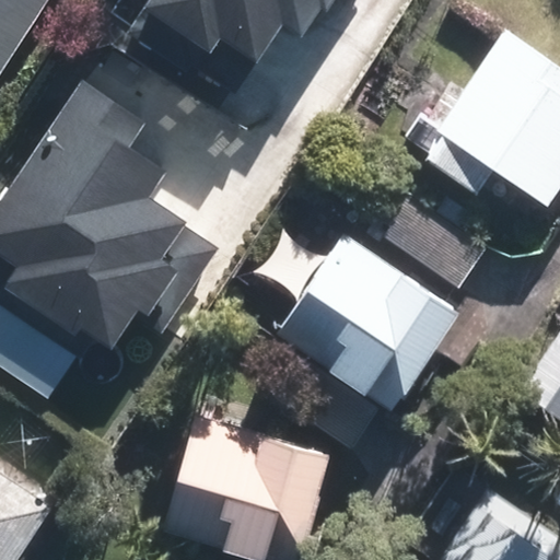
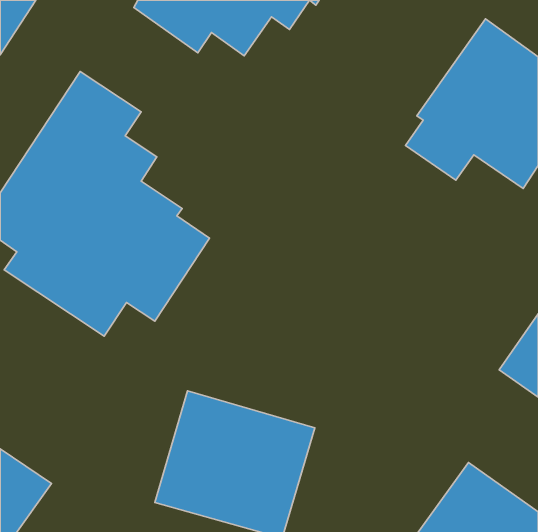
building: [268,230,455,446] -> none

